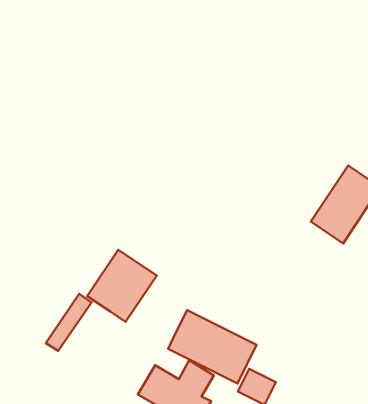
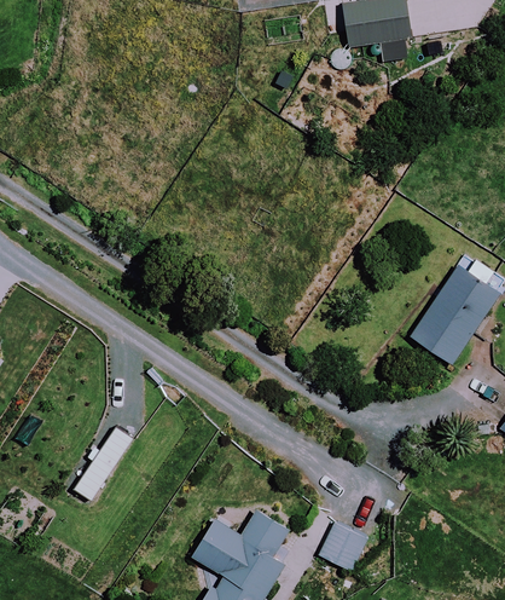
building: [87,250,157,322] -> none
building: [168,310,256,384] -> none

